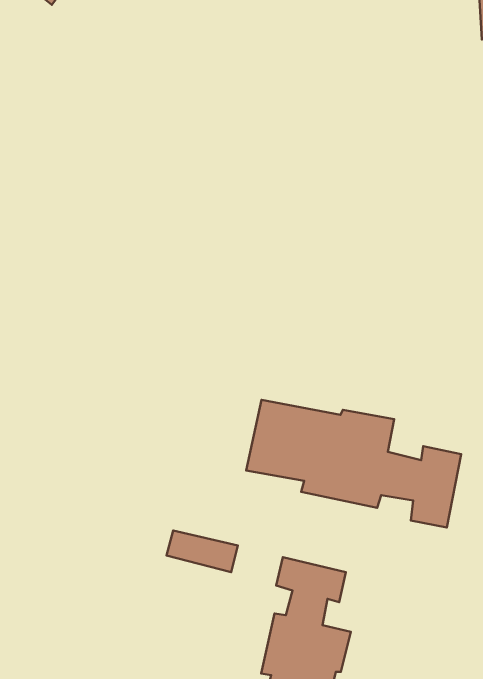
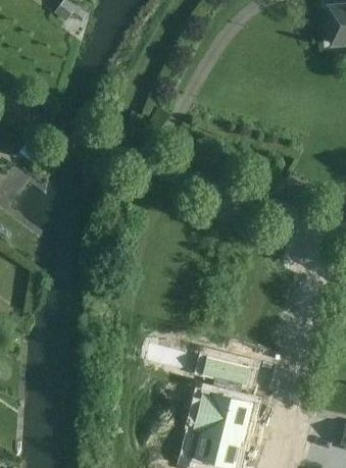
building: [246,400,461,528] -> none

